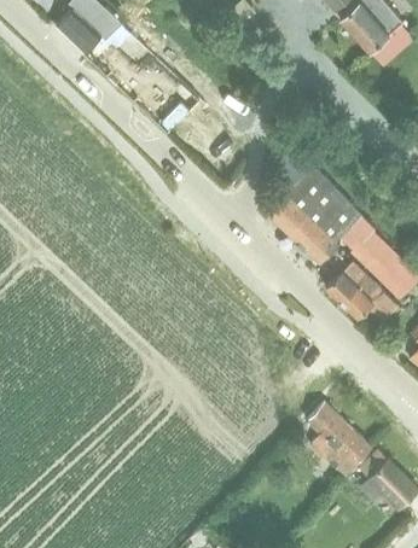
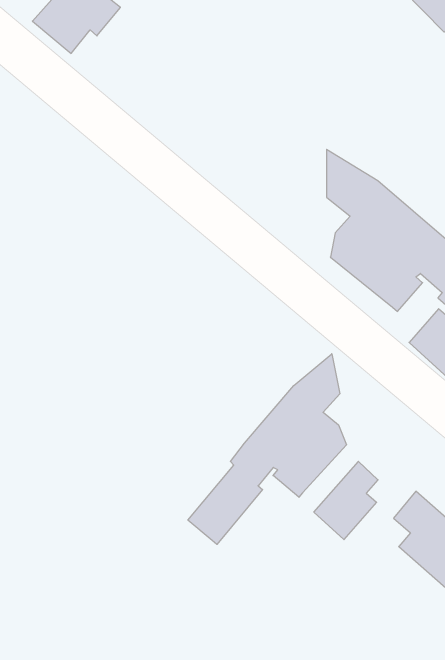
building: none -> [188,354,346,544]
building: none -> [314,461,378,540]

